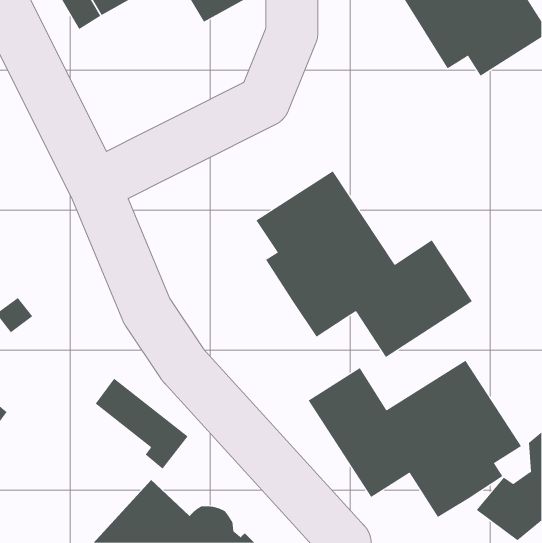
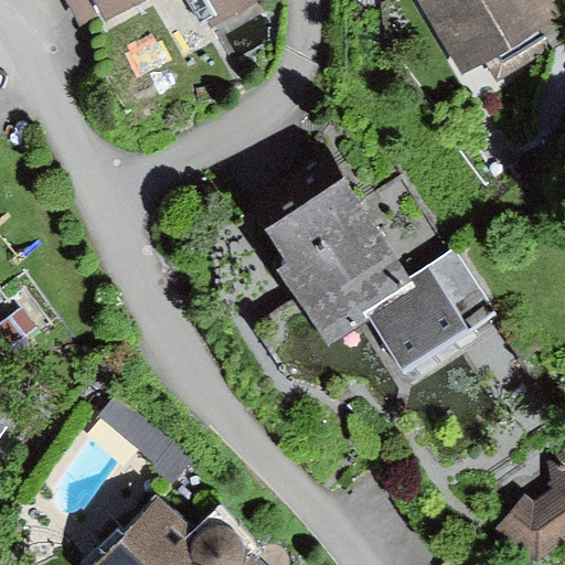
building: [308,360,522,518] -> none

